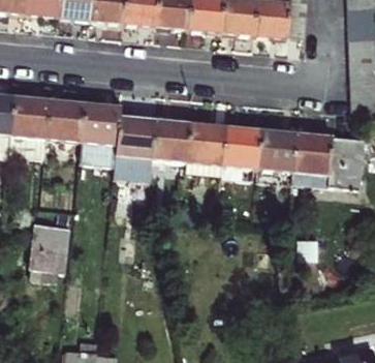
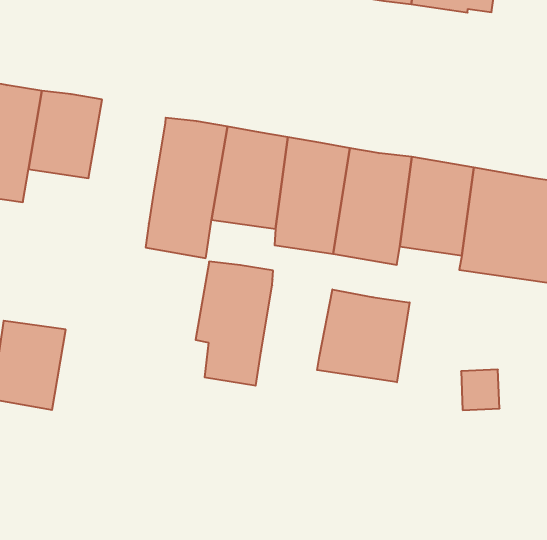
building: [76,100,118,169] -> [196,262,273,386]
building: none -> [317,289,410,382]

